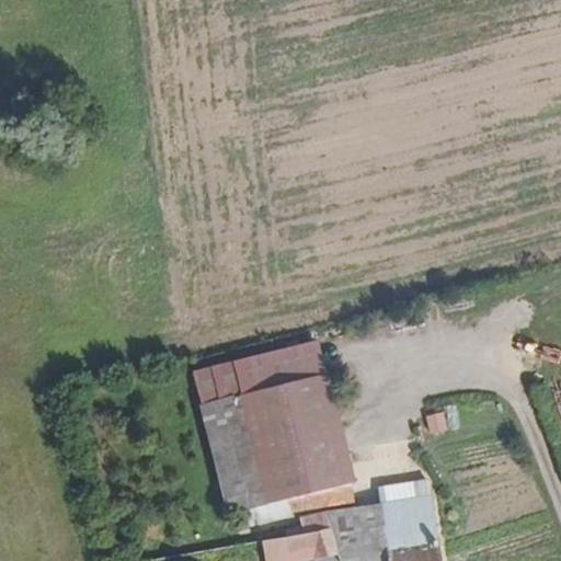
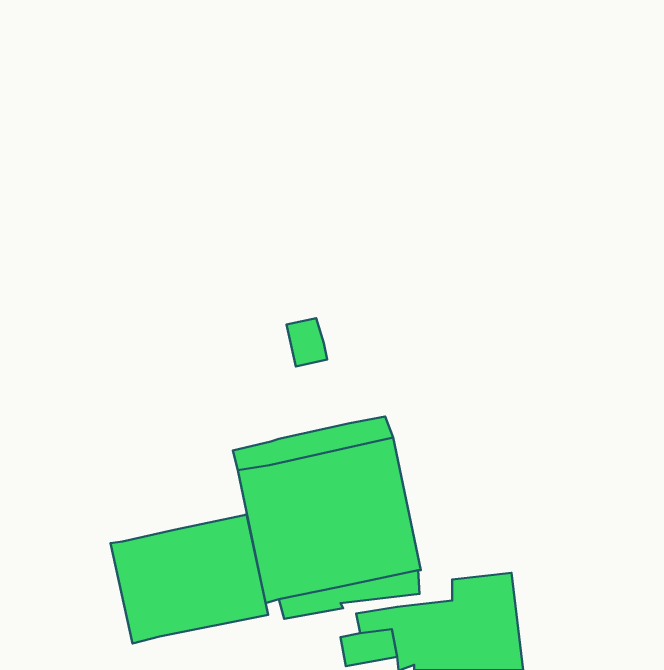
building: none -> [286,318,327,367]
building: none -> [111,514,268,643]

